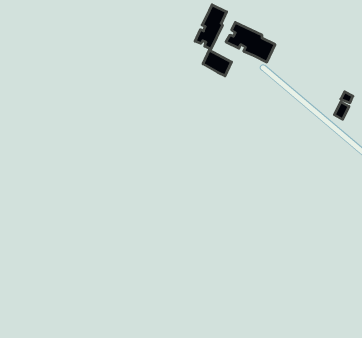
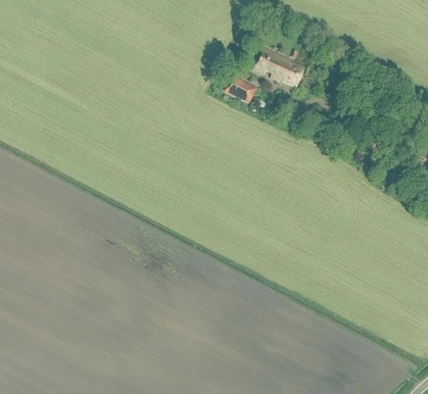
building: [195,5,227,49] -> none

